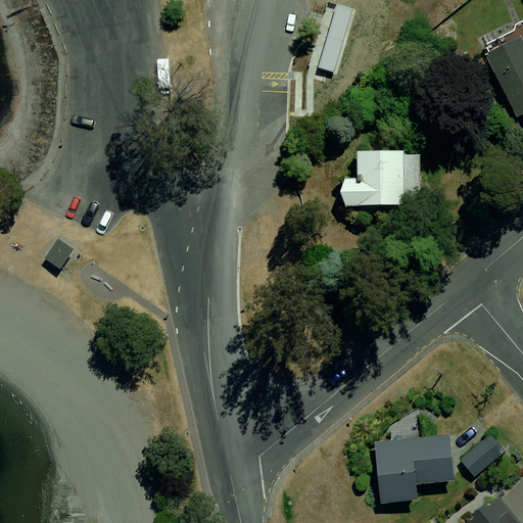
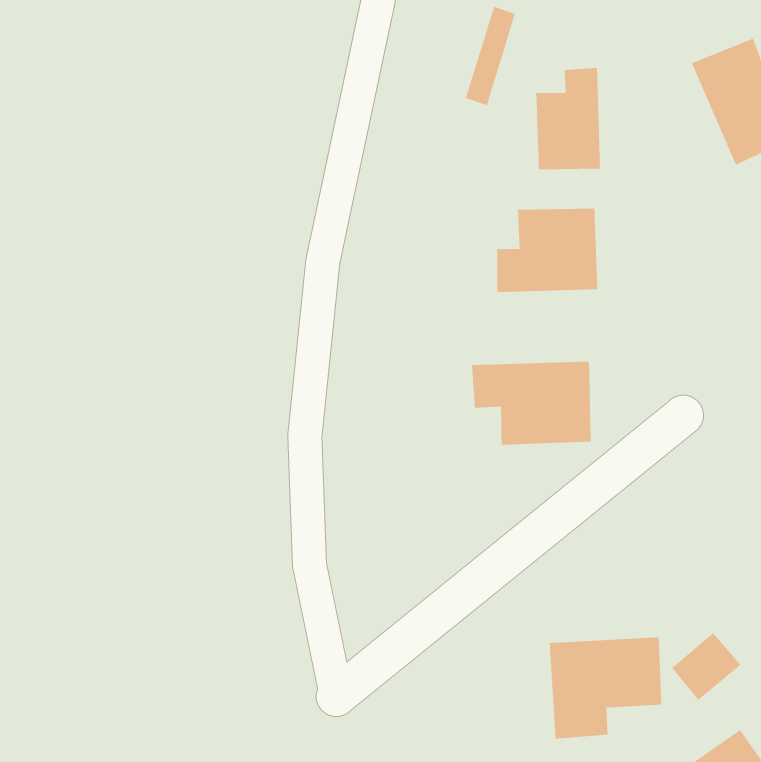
building: none -> [535,67,601,170]
building: none -> [471,361,591,446]

